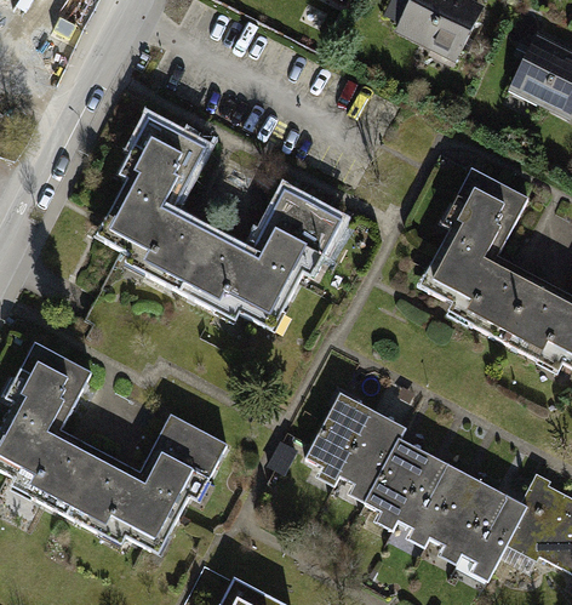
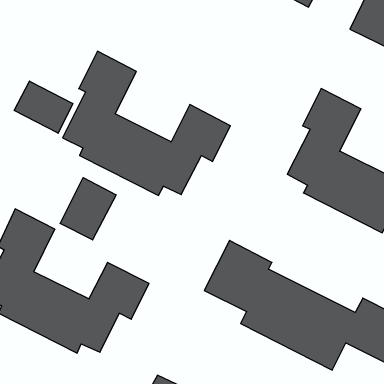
building: none -> [14,81,73,133]
building: none -> [60,178,116,240]

